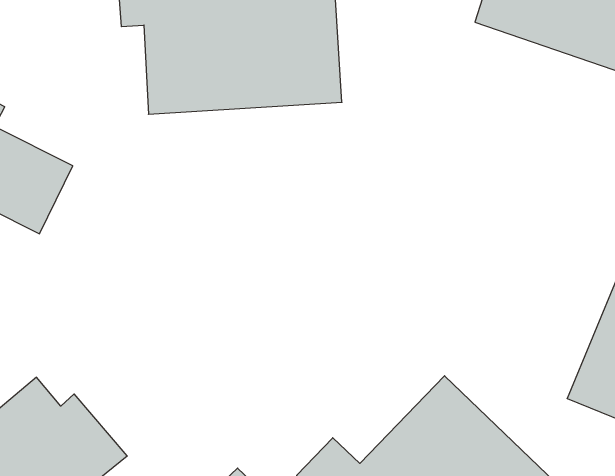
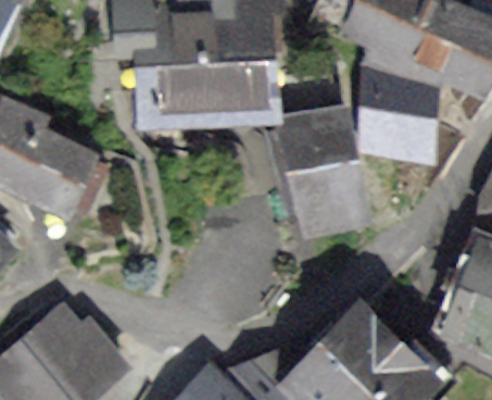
building: none -> [359,68,438,158]
building: none -> [280,112,368,232]

